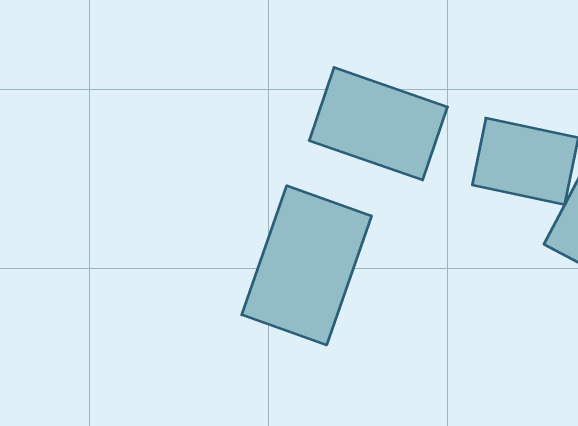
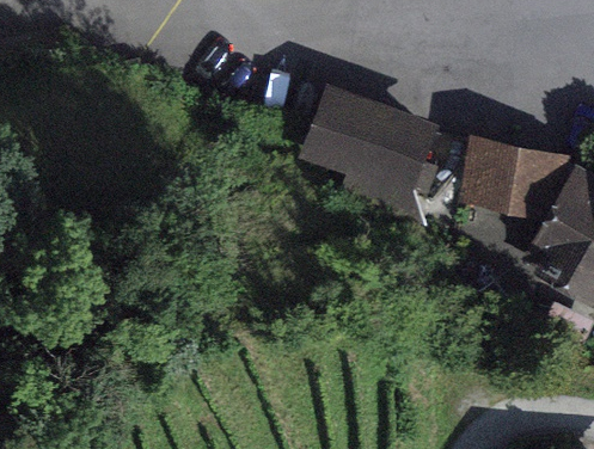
building: [242,186,371,345] -> none

